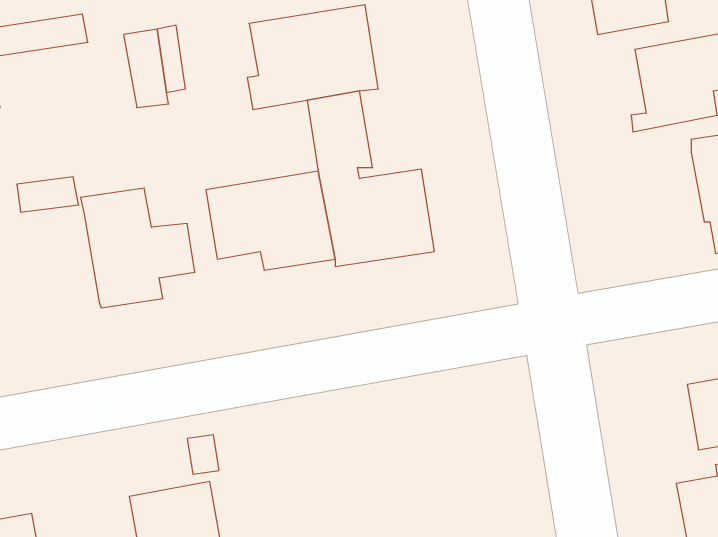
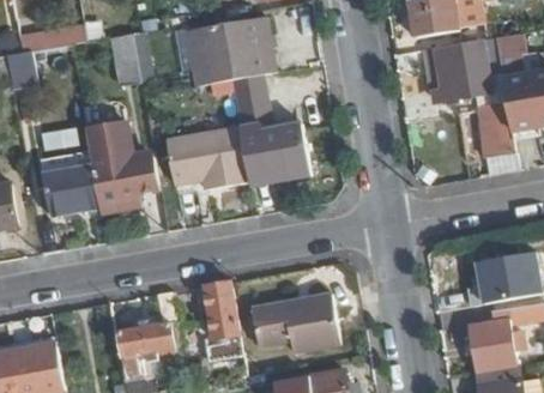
building: none -> [40,151,97,214]
building: none -> [200,282,240,345]
building: none -> [252,295,340,352]

